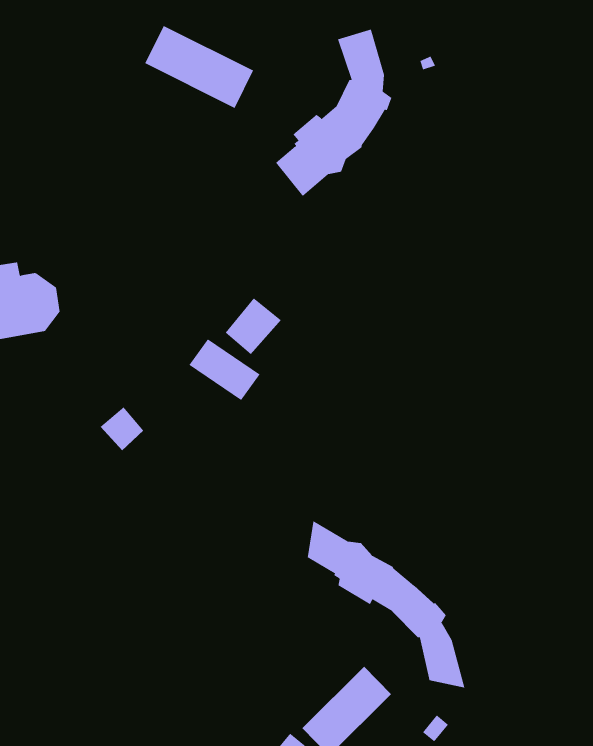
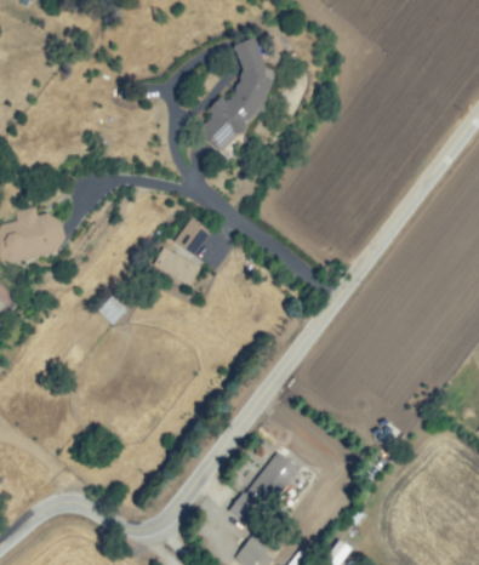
building: [145,25,254,109] -> none
building: [307,520,465,689] -> none

